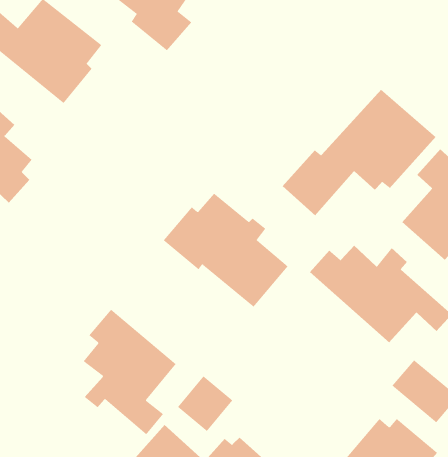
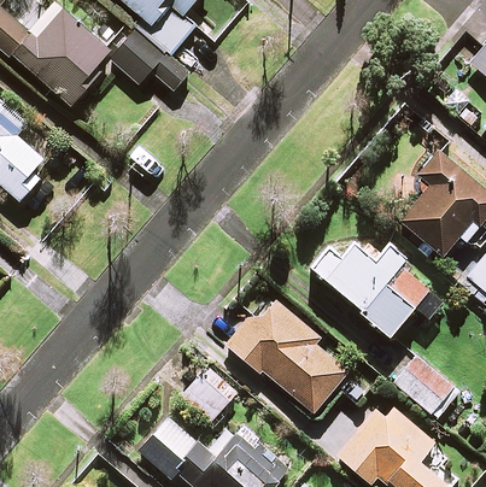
building: none -> [110,28,188,92]
building: [282,89,436,216] -> none
building: [163,193,289,308] -> [226,301,347,412]
building: [83,309,177,435] -> none

